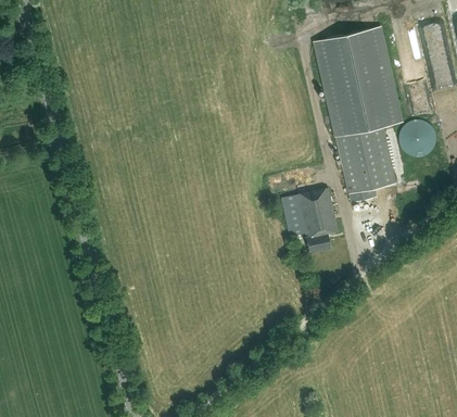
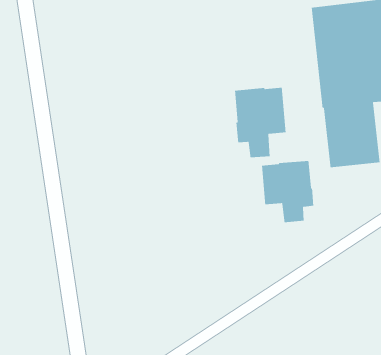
building: none -> [234,87,286,158]

